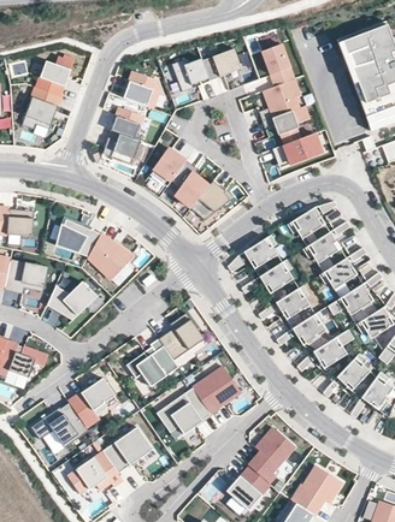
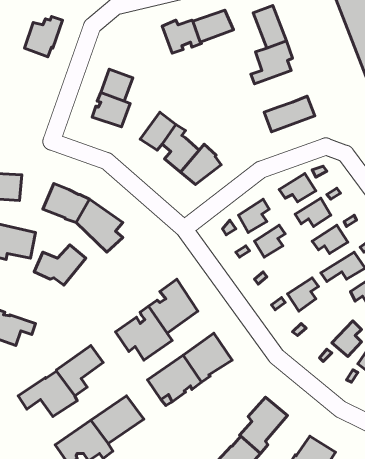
building: [124,71,159,108] -> none
building: [23,87,61,129] -> none
building: [263,107,308,144] -> none
building: [278,285,309,318] -> none
building: [316,330,354,367] -> none

